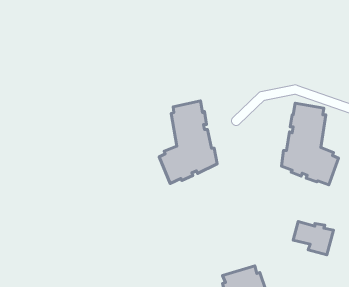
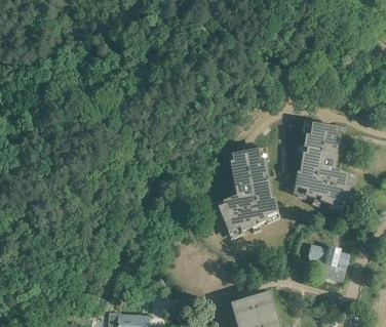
building: [159,101,217,184] -> [218,148,278,234]

